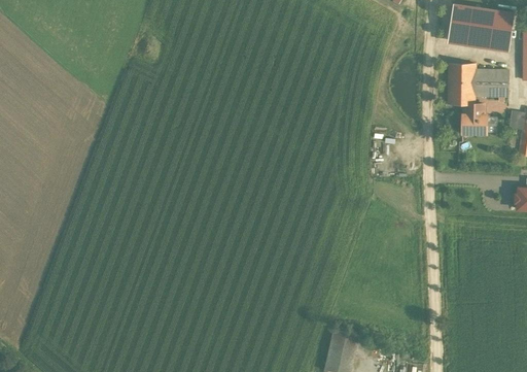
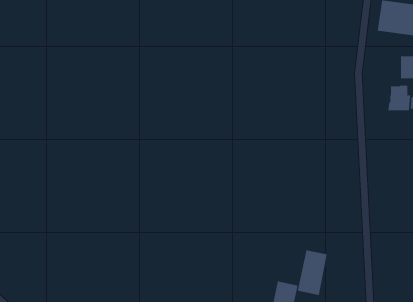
building: [448,63,476,104] -> none
building: none -> [297,250,327,296]

